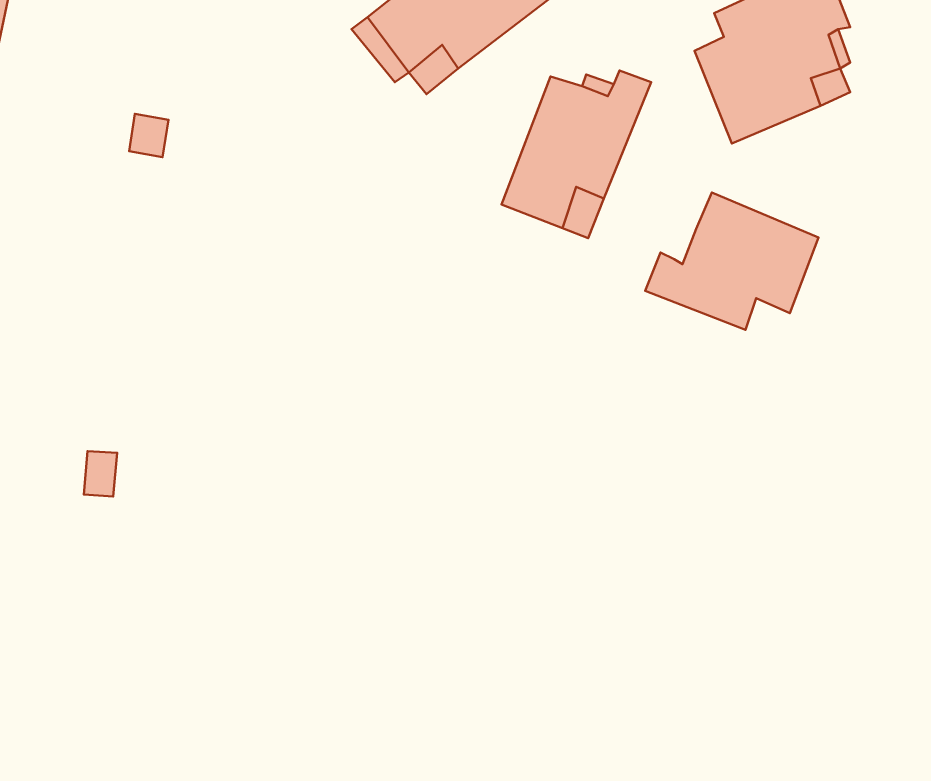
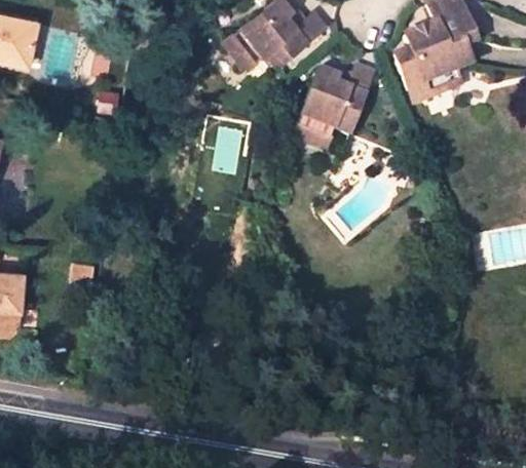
building: [645,193,819,330] -> none

